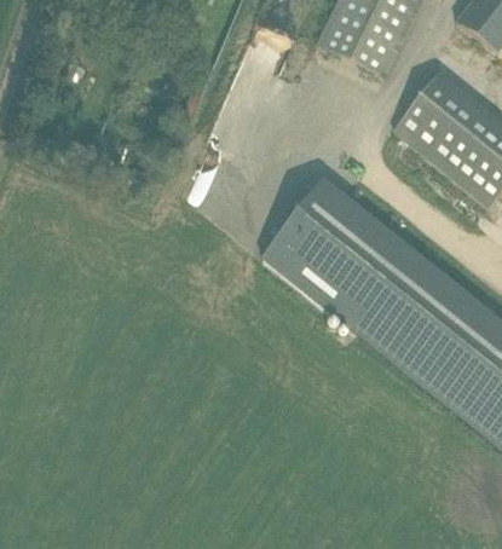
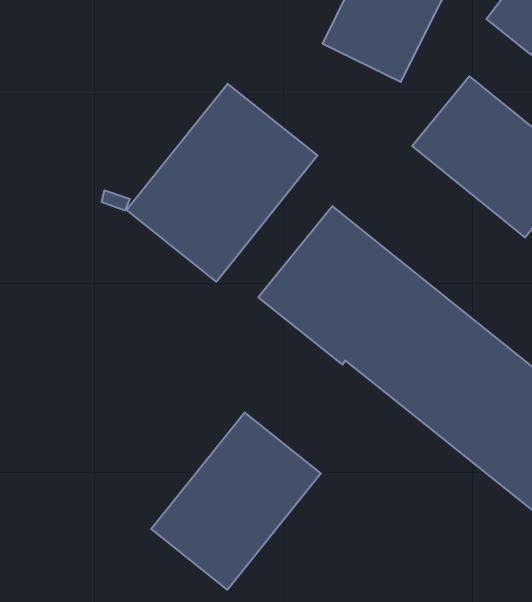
building: none -> [126,84,318,282]
building: none -> [151,412,321,590]

